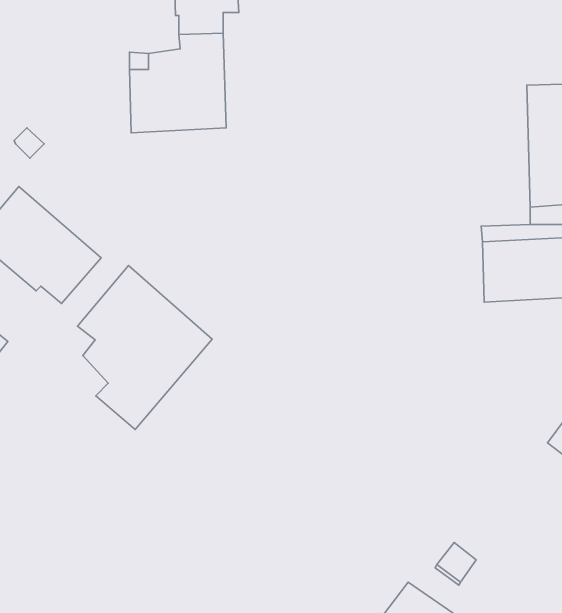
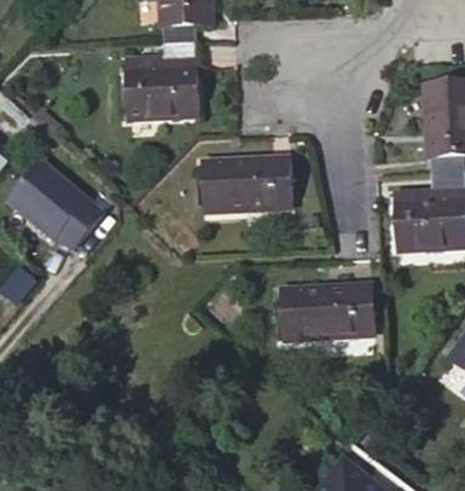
building: none -> [202,157,292,207]
building: [78,265,212,430] -> none
building: none -> [284,283,373,337]

